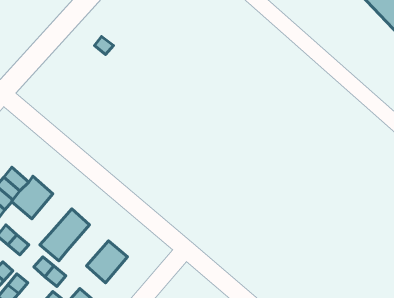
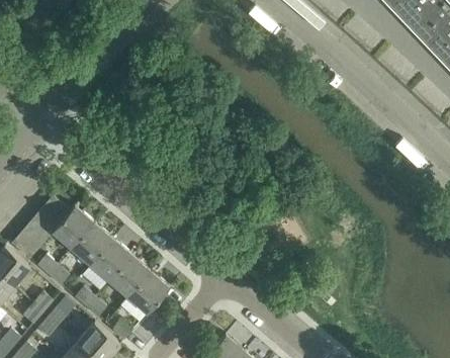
building: none -> [72,223,112,264]
building: none -> [108,255,150,296]

